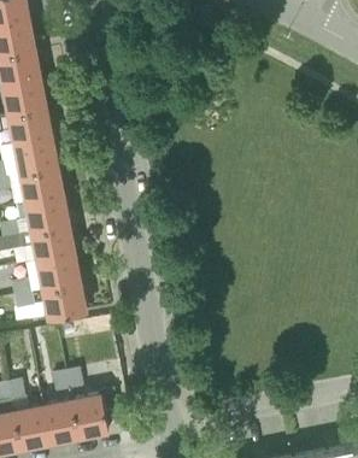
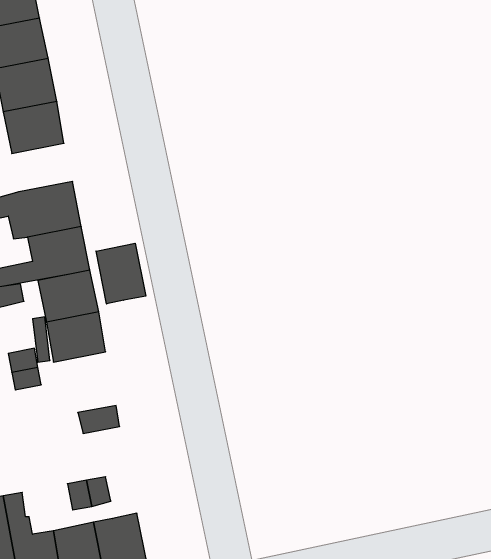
building: [14,136,57,170] -> none
building: none -> [96,243,146,304]
building: [43,281,86,318] -> none

